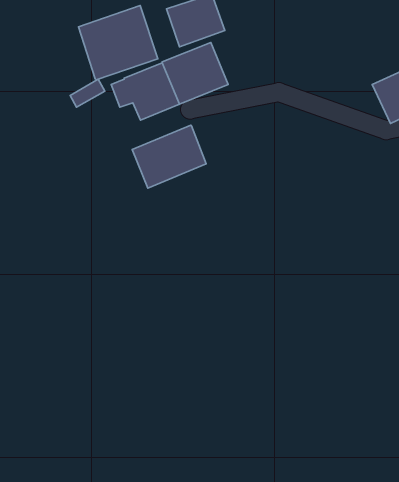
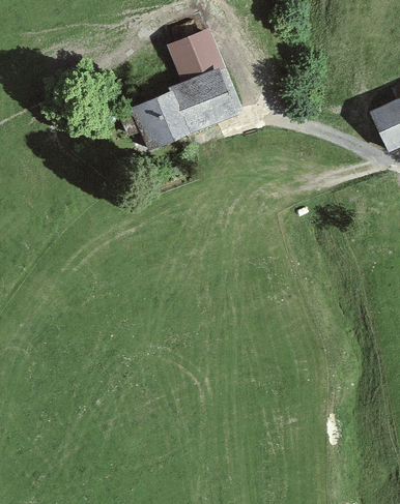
building: [79,6,158,80] -> none
building: [132,125,206,188] -> none

